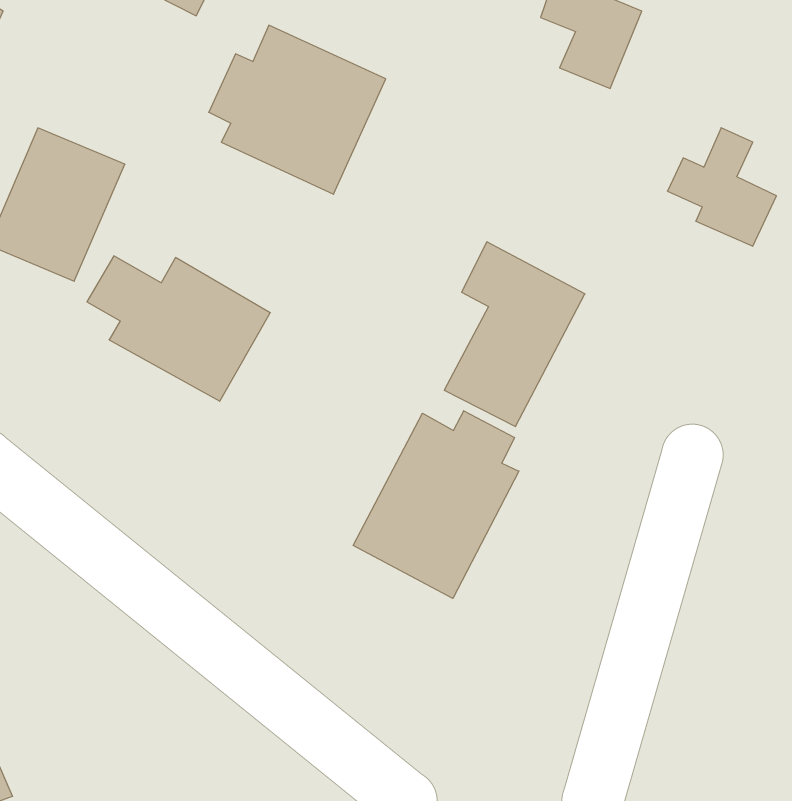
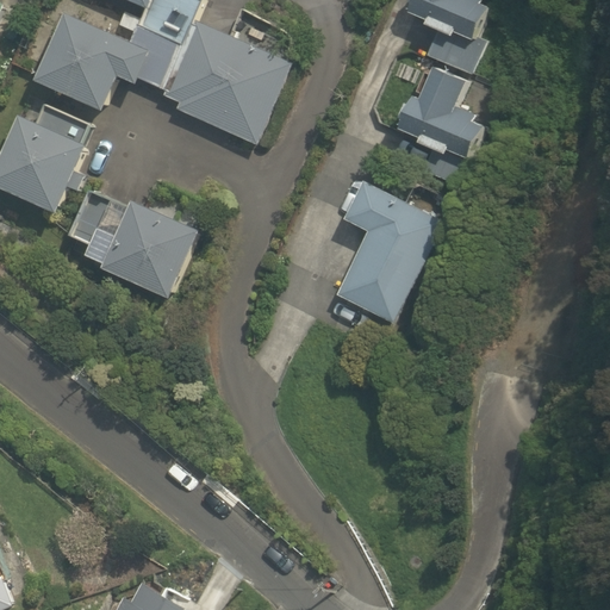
building: none -> [32,10,178,112]
building: [667,128,776,246] -> [394,70,477,160]
building: [353,411,519,598] -> none

